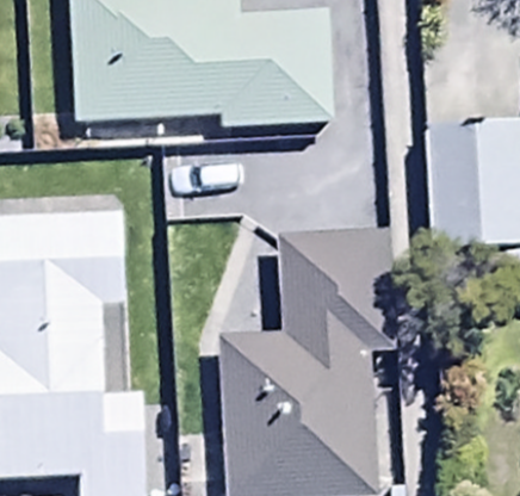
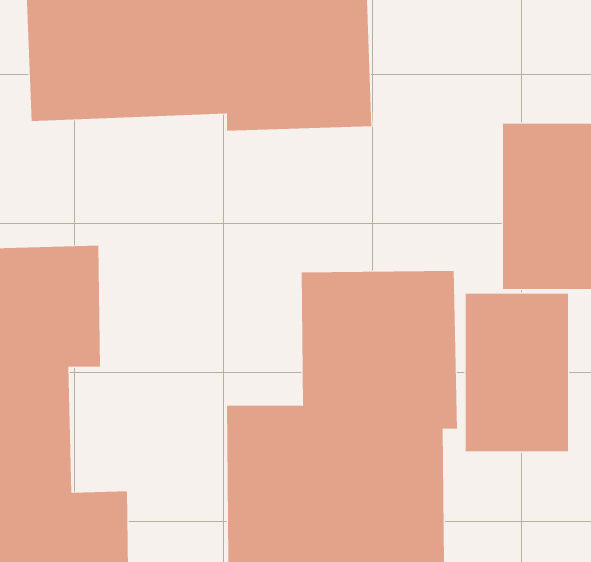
building: none -> [465,293,569,452]

